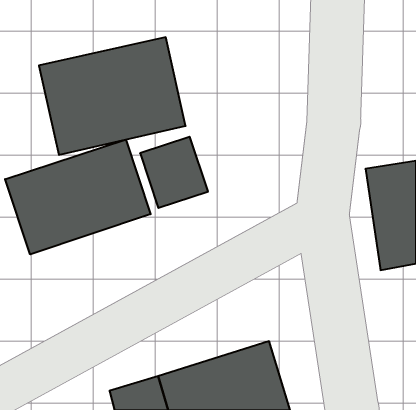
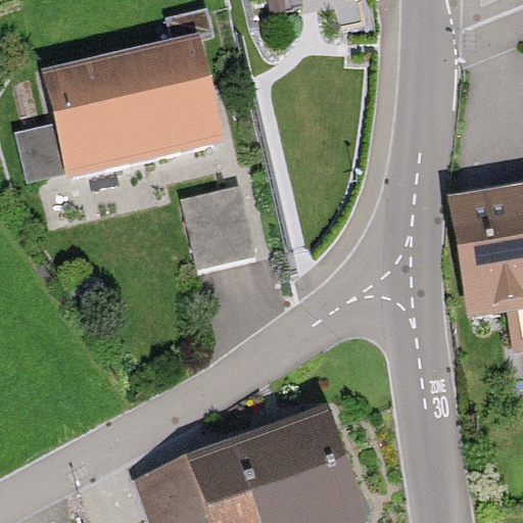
building: [5,140,151,254] -> none

